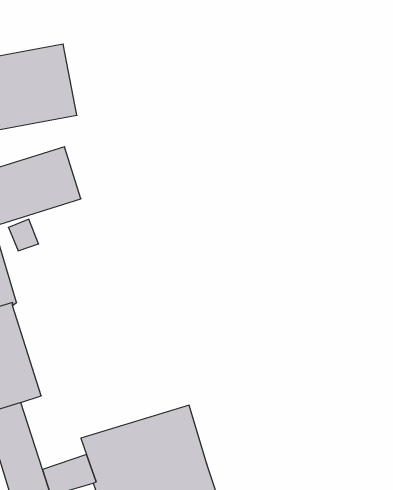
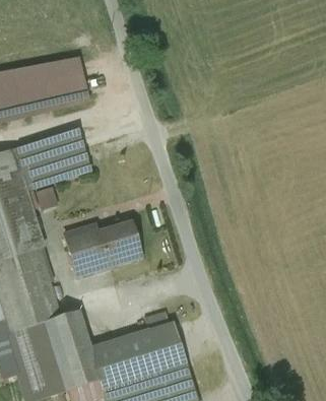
building: none -> [63,223,140,276]
building: none -> [47,310,95,371]

